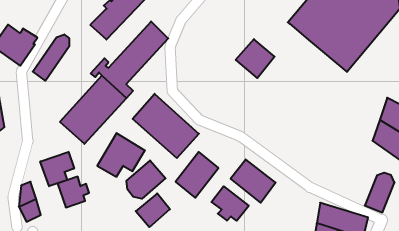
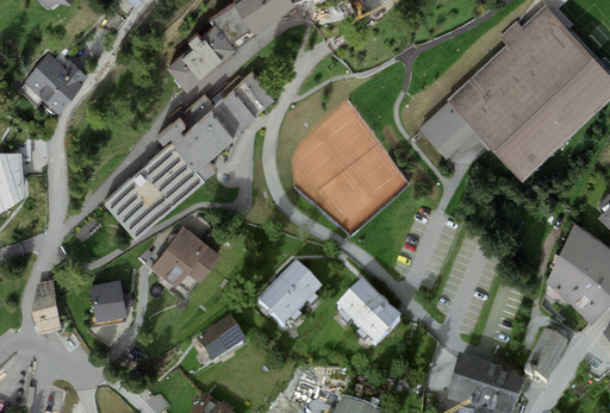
building: [33,34,69,81] -> none
building: [236,39,275,78] -> [419,99,475,155]
building: [133,94,199,158] -> none
building: [40,152,74,186] -> none
building: [126,160,166,199] -> none
building: [211,186,249,221] -> none

